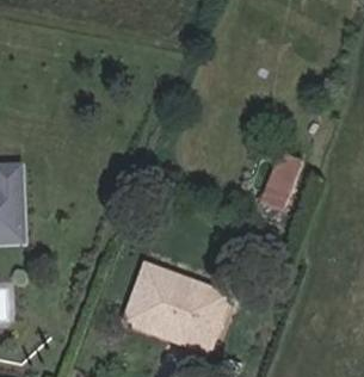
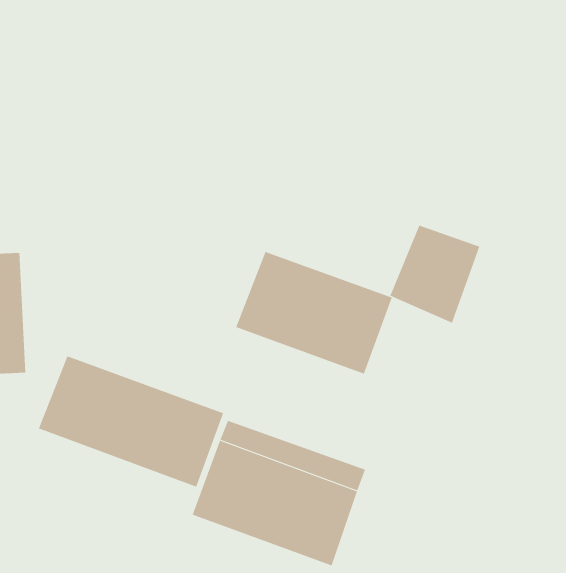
building: none -> [236,251,392,374]
building: none -> [38,355,224,487]

